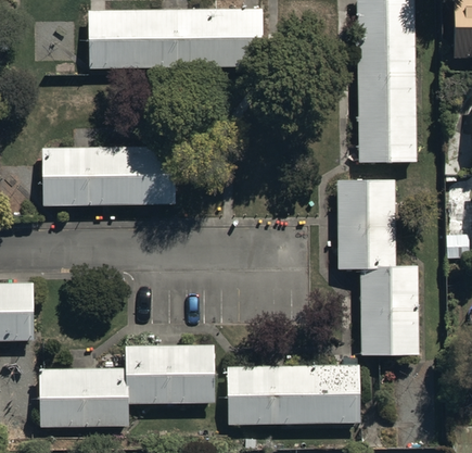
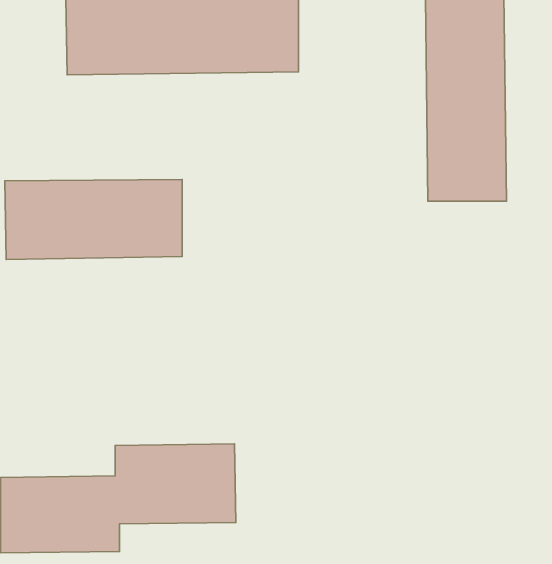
building: [336,179,419,355] -> none
building: [227,365,360,425] -> none

